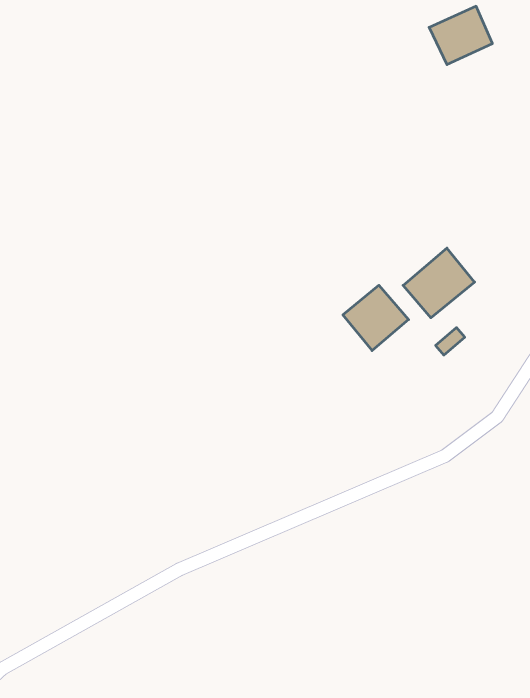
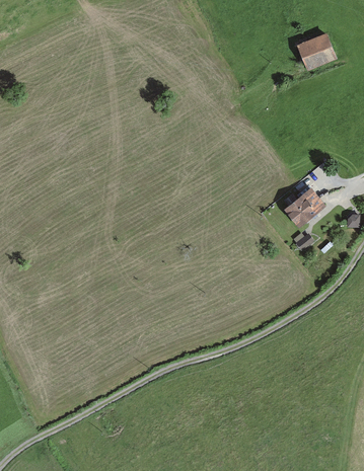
building: [343,285,409,351] -> none

